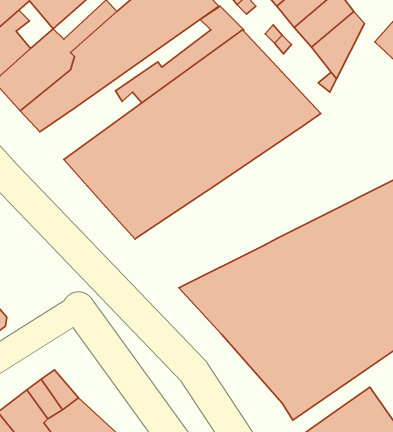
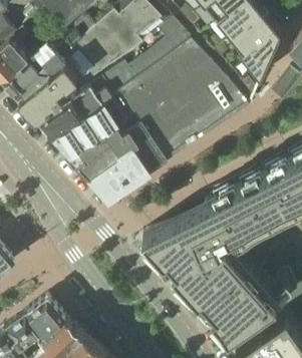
building: none -> [37,89,111,141]

